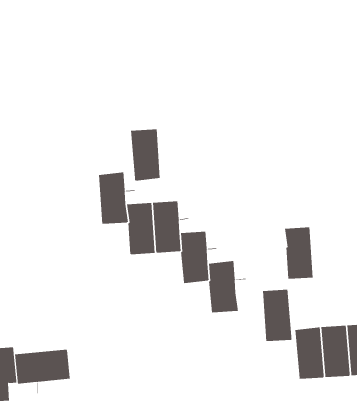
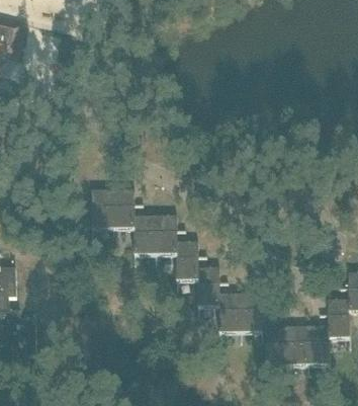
building: [130,129,161,190] -> [90,187,112,236]
building: [284,227,314,289] -> [218,291,240,340]
building: [15,348,78,394] -> none

